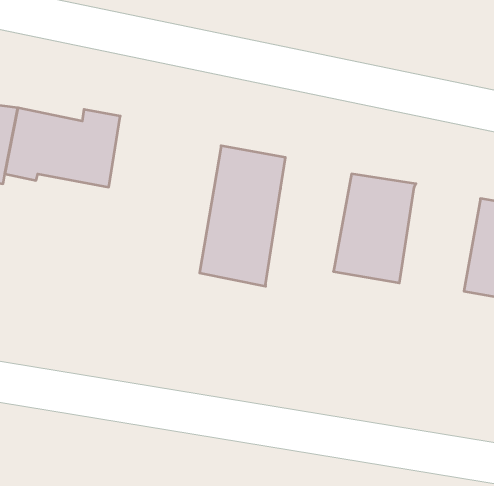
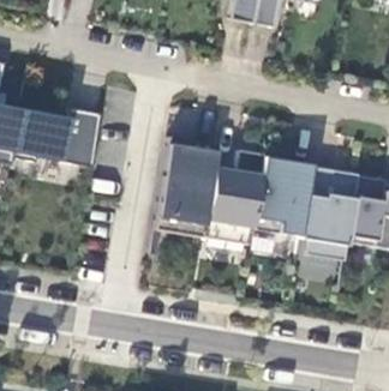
building: none -> [204,150,267,243]
building: none -> [298,166,360,259]

